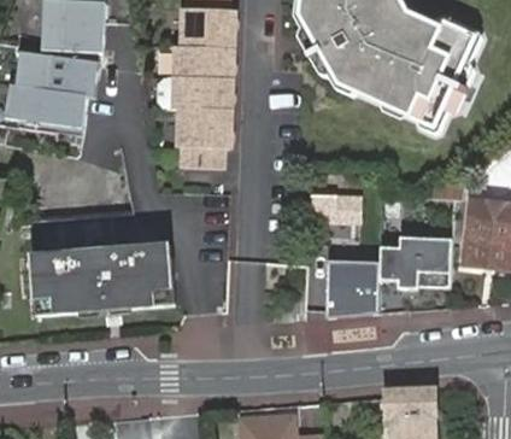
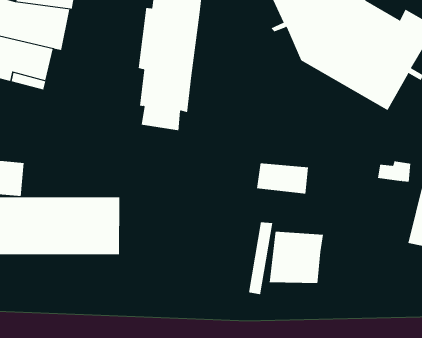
building: [377,239,451,288] -> none

